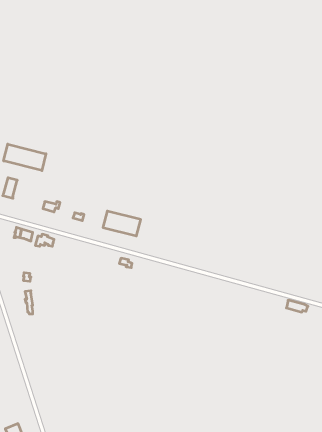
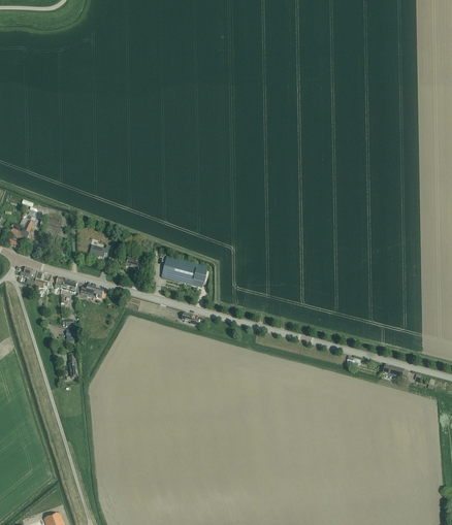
building: [4,144,46,171] -> none

